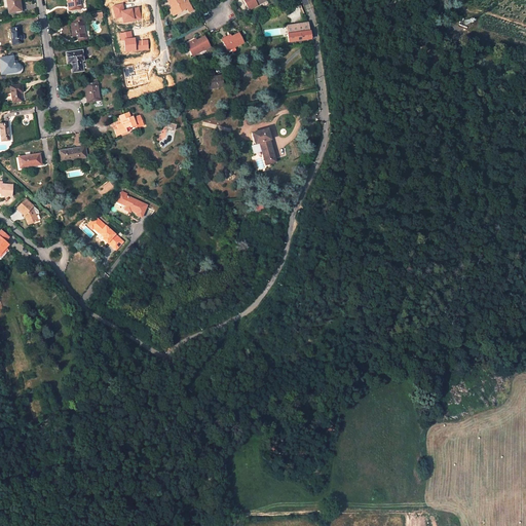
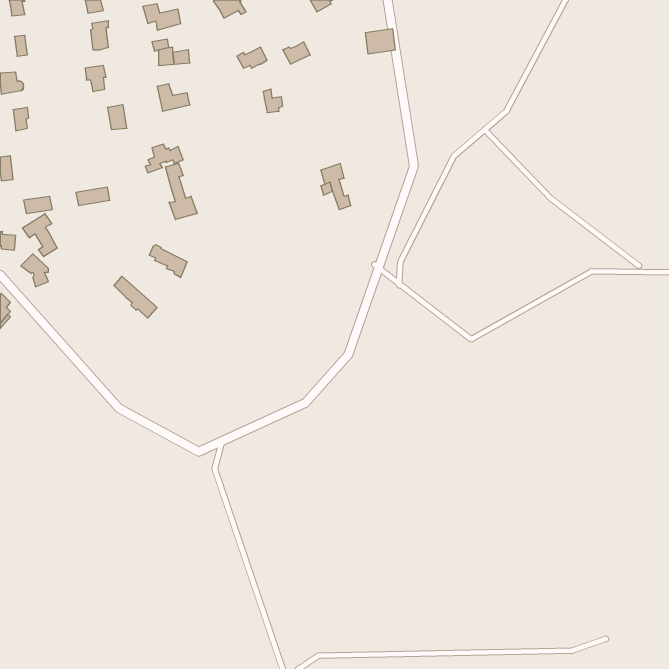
building: none -> [165,163,197,220]
building: none -> [23,214,57,257]

